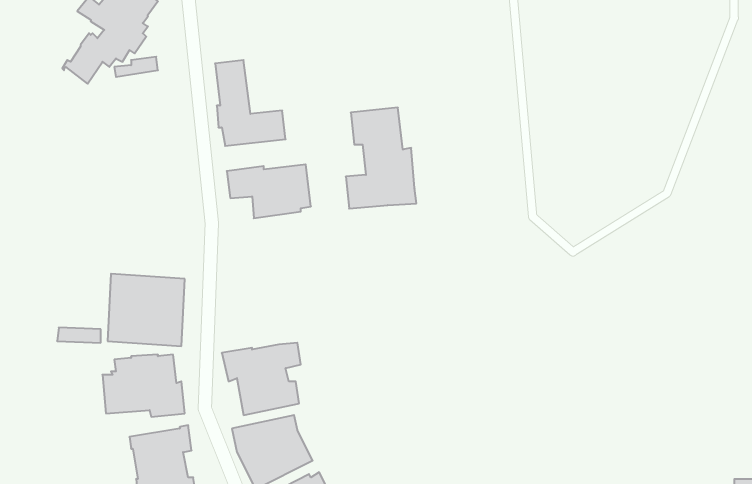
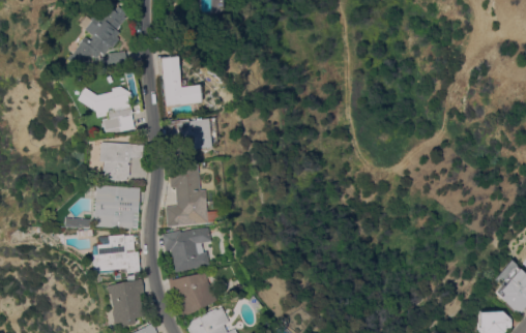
building: [346,108,416,209] -> [167,164,210,226]
building: none -> [75,87,134,134]
building: none -> [98,142,143,180]

